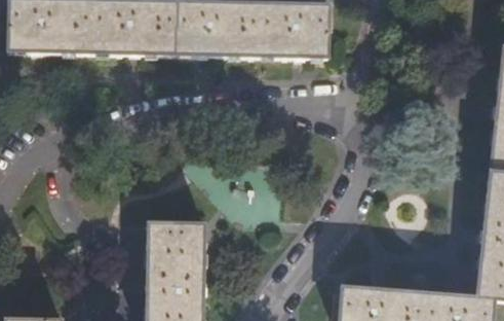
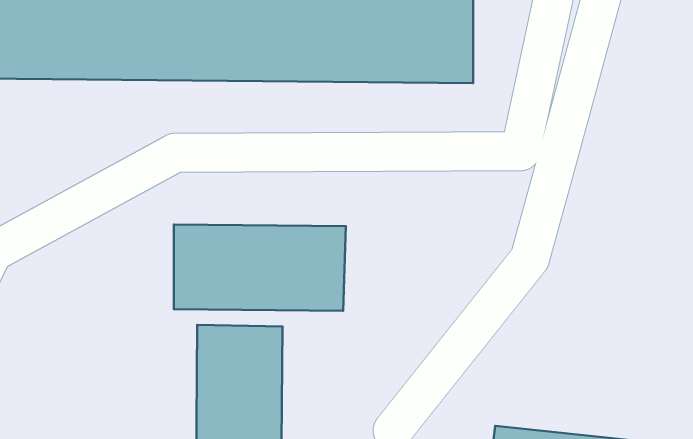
building: none -> [174,224,346,311]

